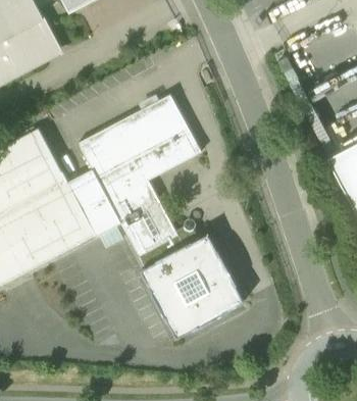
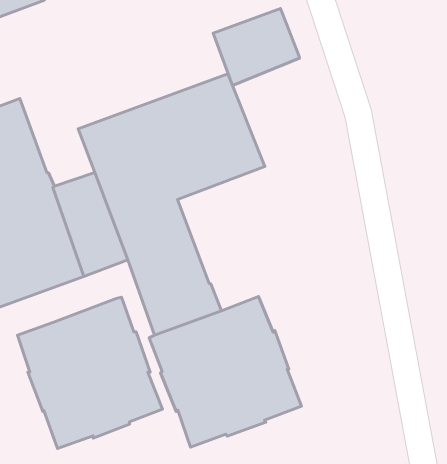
building: none -> [213,8,299,86]
building: none -> [17,297,163,449]

